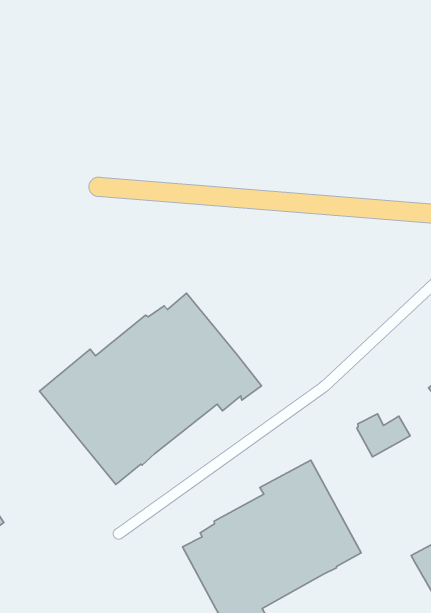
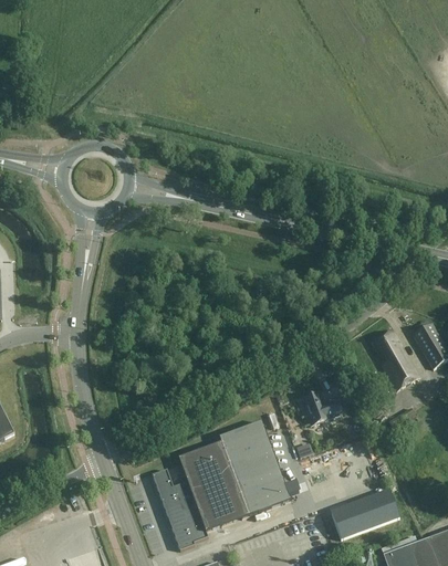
building: [39,293,261,485] -> none

